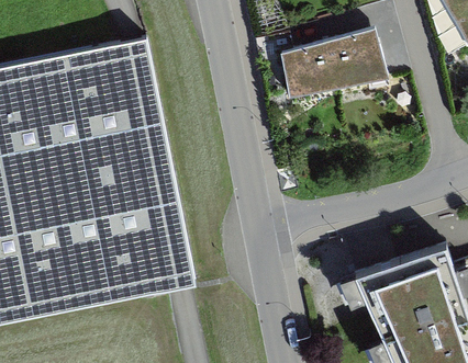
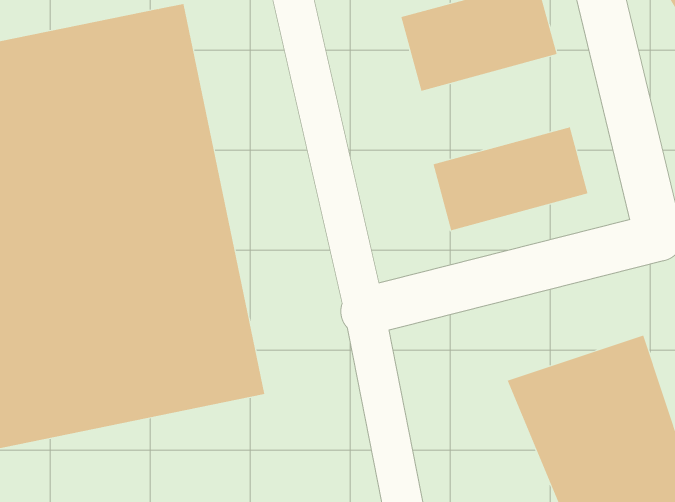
building: none -> [433,127,588,231]

